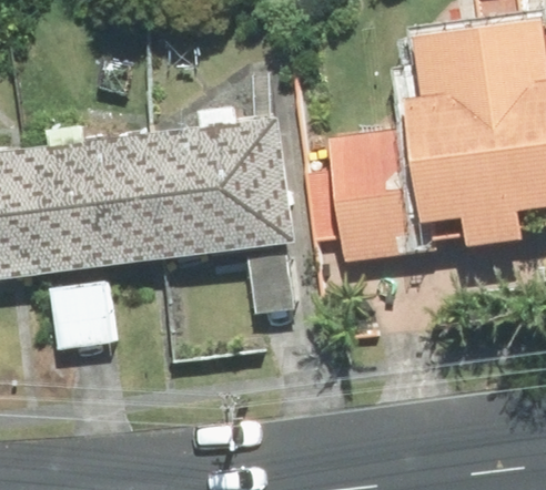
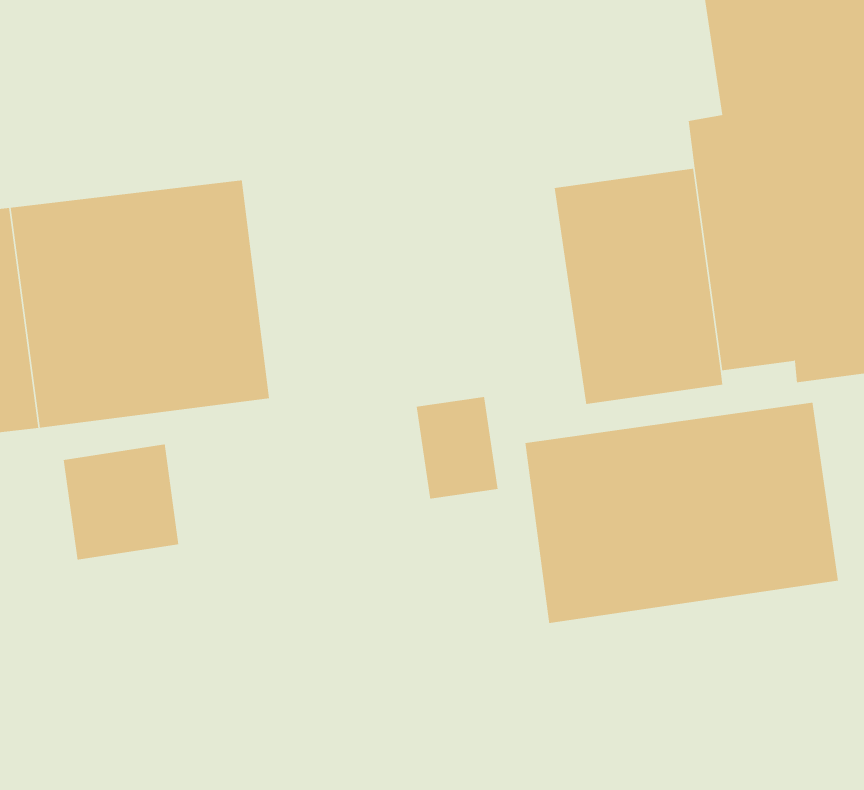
building: [152,116,293,256] -> none
building: none -> [525,402,839,624]

